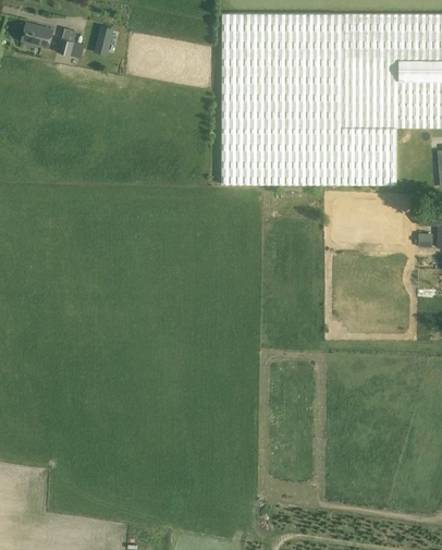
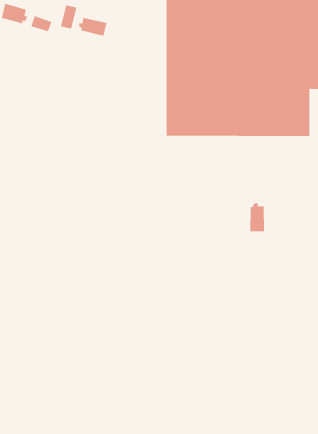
building: none -> [79,17,107,36]
building: none -> [250,202,265,232]

